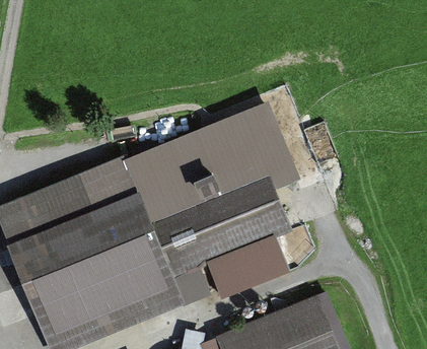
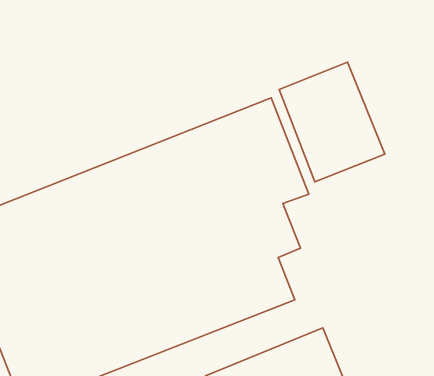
building: none -> [279,62,385,182]

